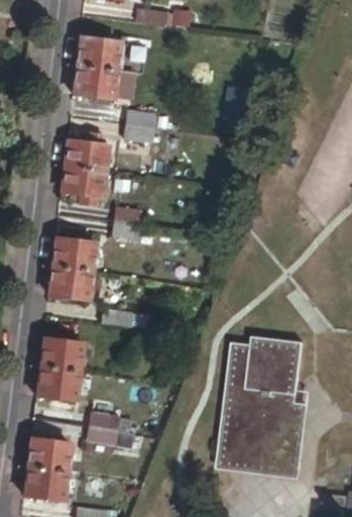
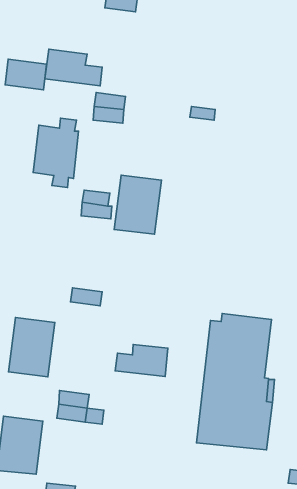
building: [78,37,120,69] -> [5,59,47,90]
building: [48,239,97,300] -> [114,175,161,234]
building: none -> [115,344,168,377]

